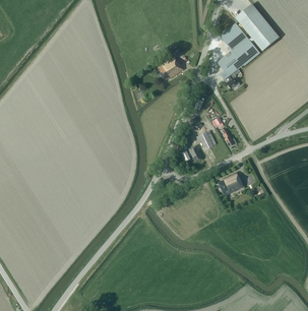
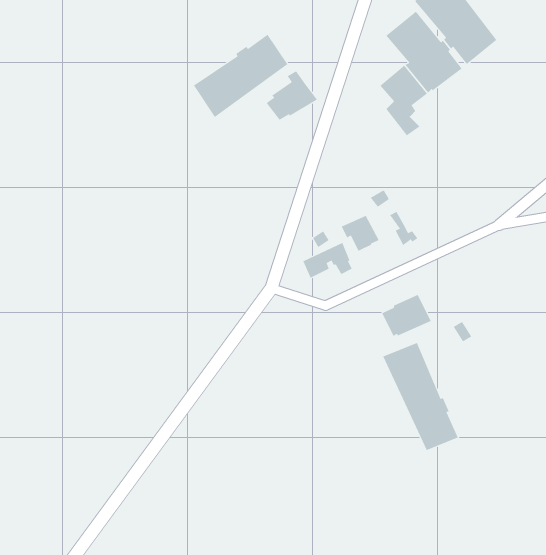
building: none -> [193,34,288,118]
building: none -> [383,342,459,451]

